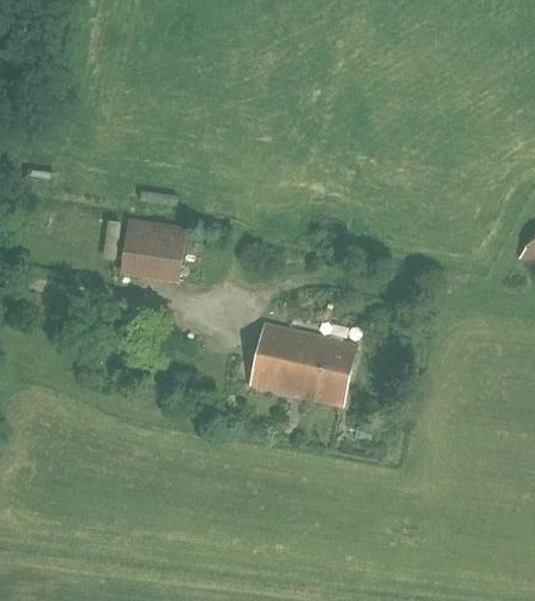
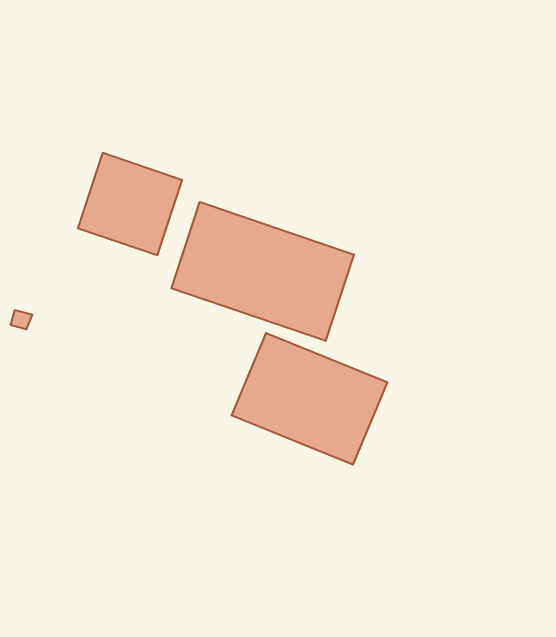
building: none -> [171,202,354,341]

